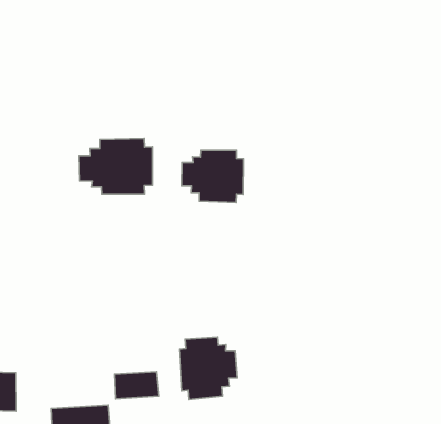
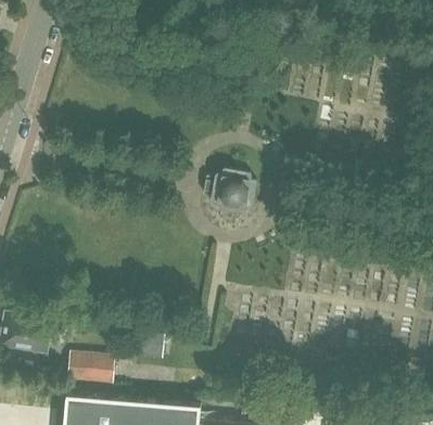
building: [79,139,153,194] -> none
building: [180,337,237,400] -> none

